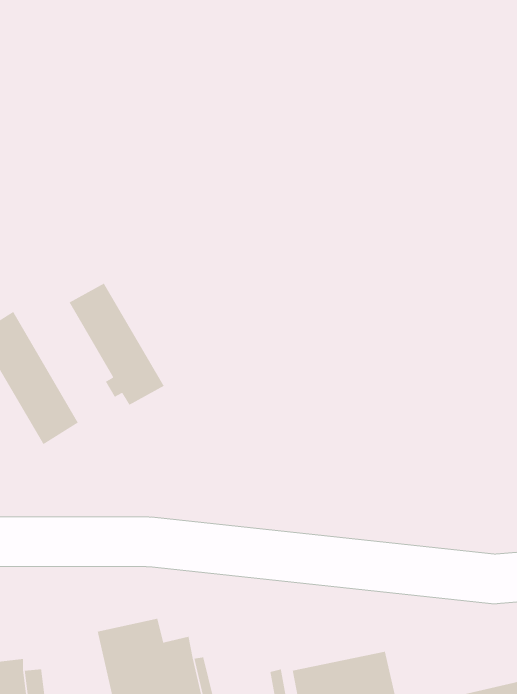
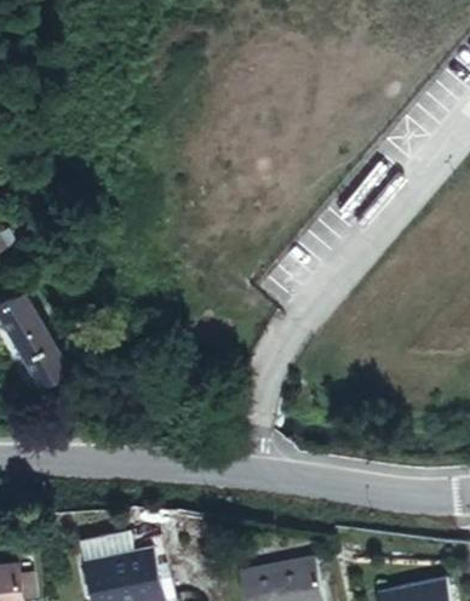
building: [69,283,165,406] -> none

